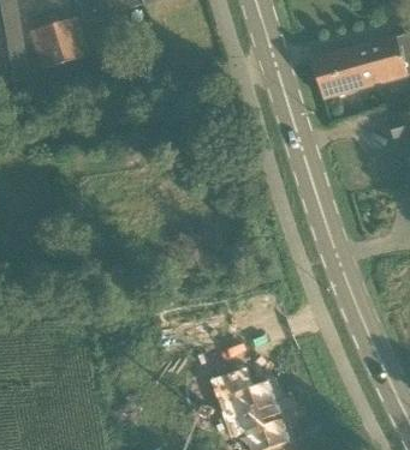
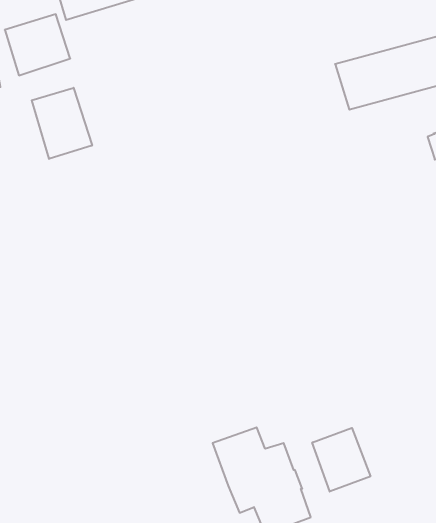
building: none -> [32,88,92,159]
building: none -> [312,428,370,492]

